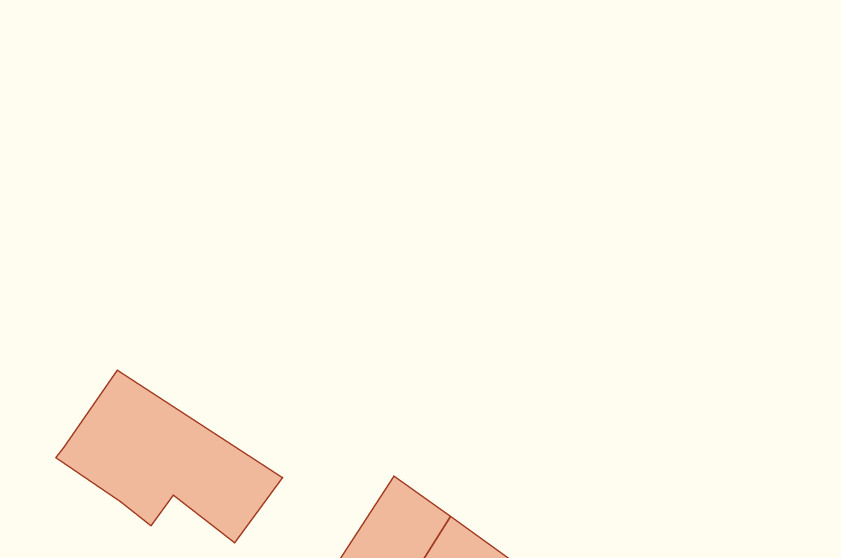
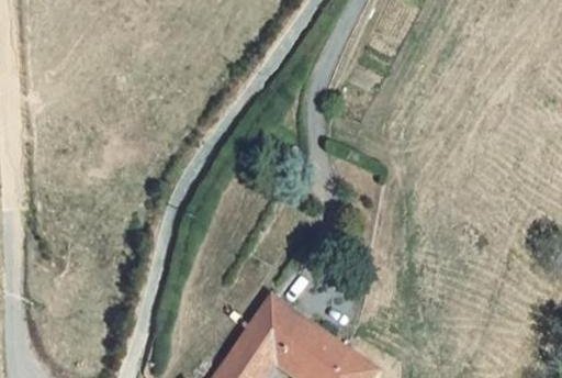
building: [56,370,283,543] -> none

